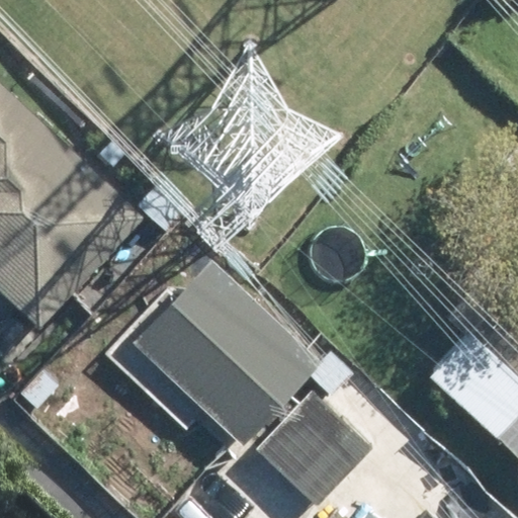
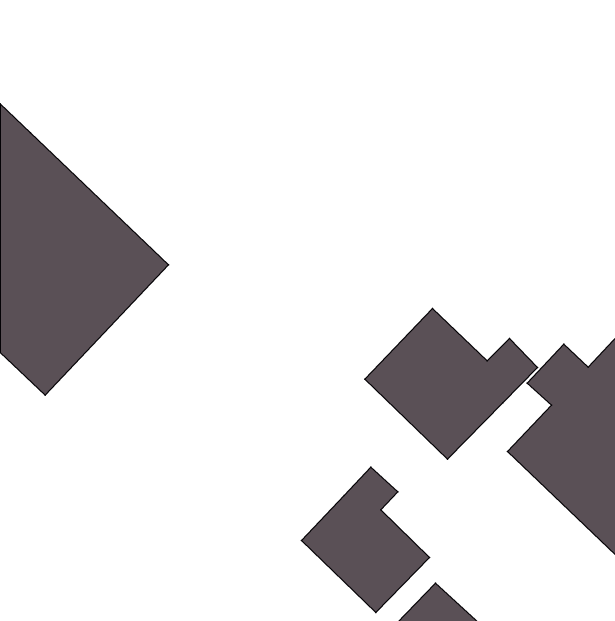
building: none -> [365,309,538,459]
building: [110,264,311,449] -> none

